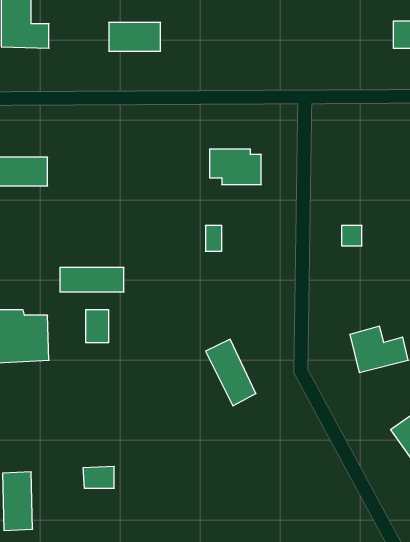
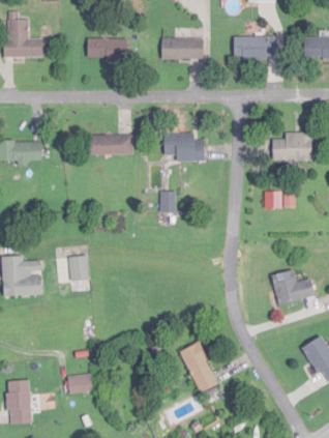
building: none -> [234,36,275,59]
building: none -> [161,37,202,58]
building: none -> [273,132,312,159]
building: [60,267,124,292] -> [85,135,133,153]
building: [206,339,256,406] -> [180,341,218,391]

